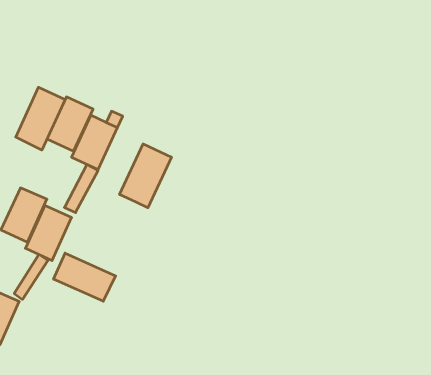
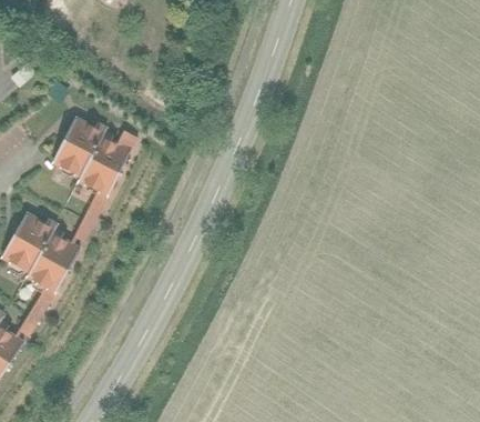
building: [16,87,65,150] -> none
building: [120,144,171,208] -> none
building: [54,253,116,301] -> none

